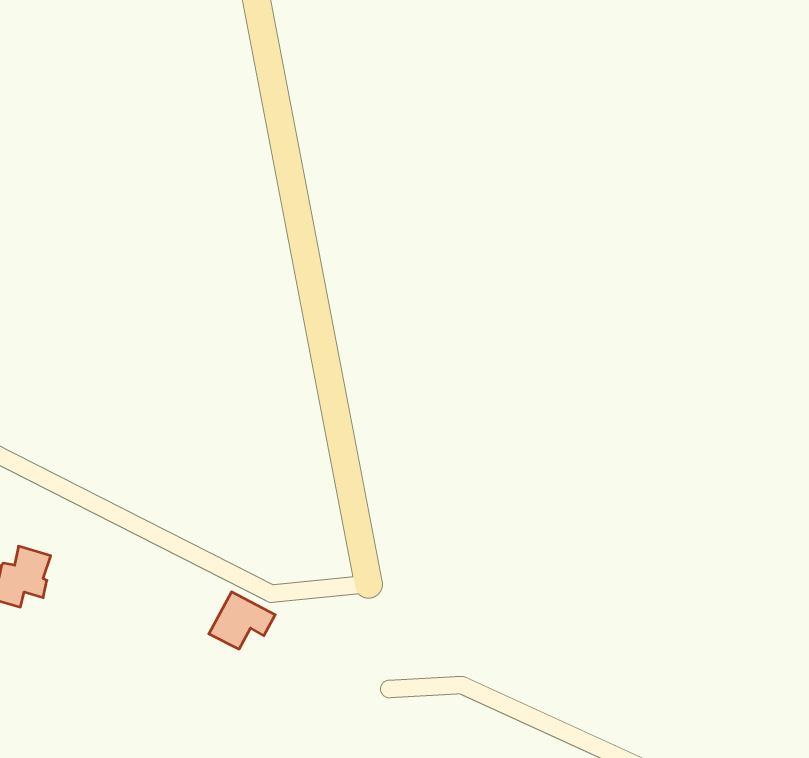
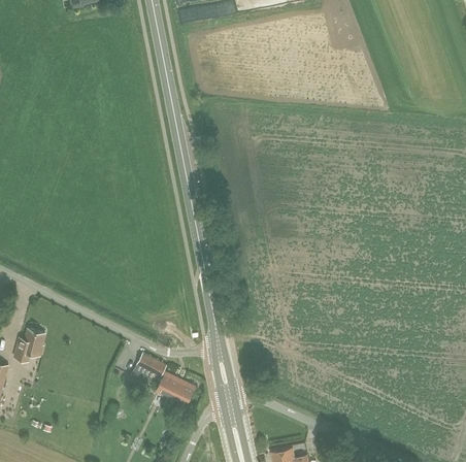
building: none -> [156,370,194,402]

